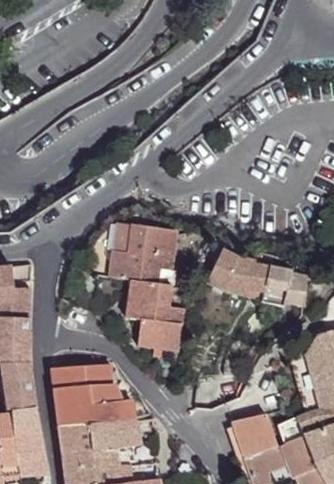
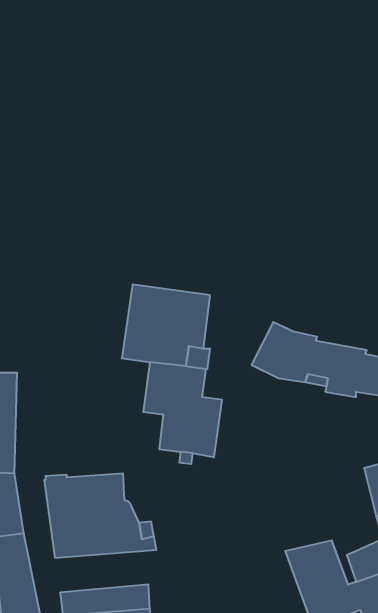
building: [59,420,140,452] -> none

